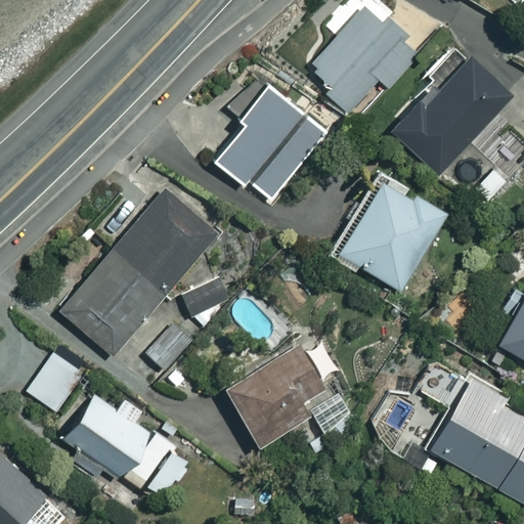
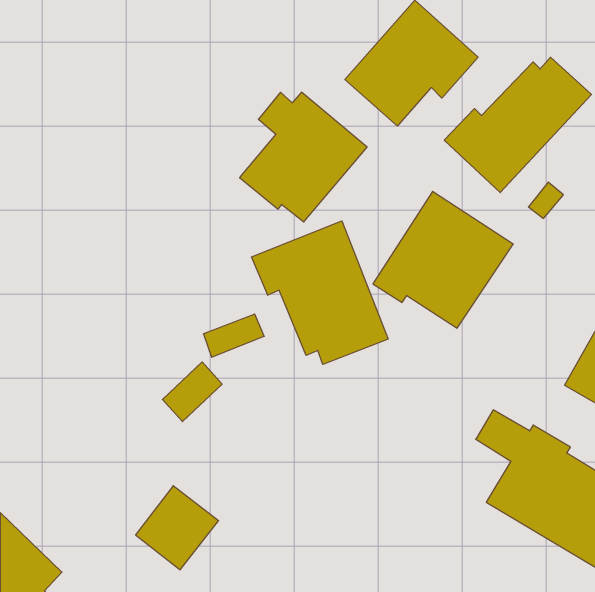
building: [61,190,215,354] -> none
building: none -> [252,221,388,364]
building: [225,346,323,445] -> none
building: [27,353,83,411] -> none
building: [57,391,154,480] -> none

